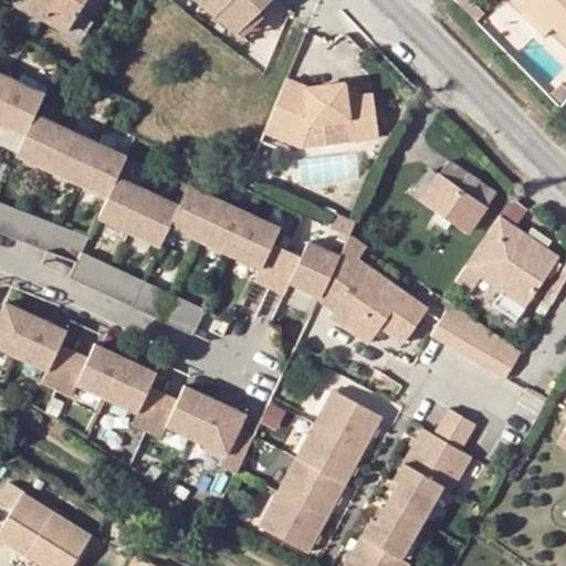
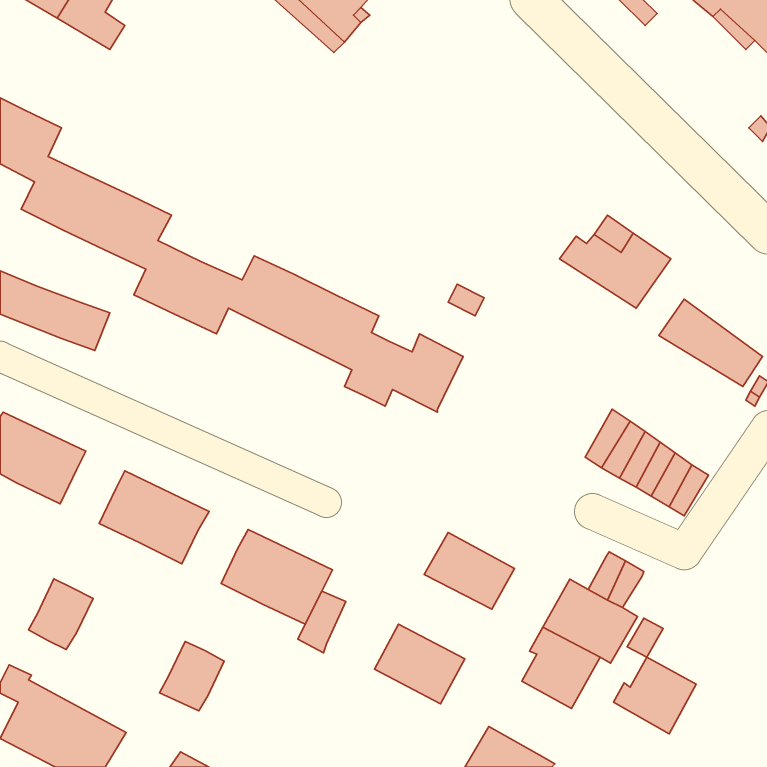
building: [269,82,381,148] -> none
building: [323,234,436,345] -> none
building: [468,247,547,319] -> none
building: [69,252,203,335] -> none
building: [39,345,86,397] -> [28,579,93,650]
building: [128,389,176,440] -> [160,642,224,711]
building: [294,422,363,484] -> none
building: [258,492,325,553] -> none
building: [360,501,421,557] -> [614,657,696,734]

